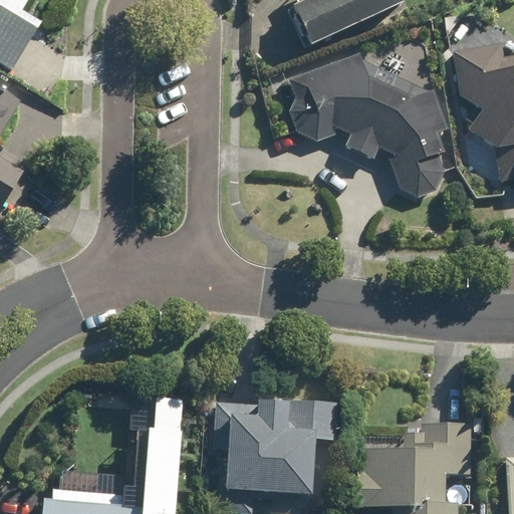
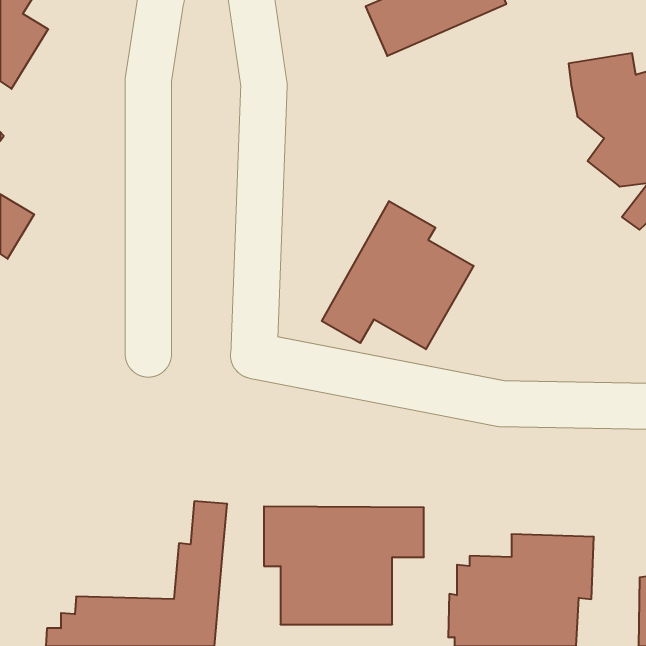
building: [291,52,450,195] -> none
building: none -> [322,201,474,349]

